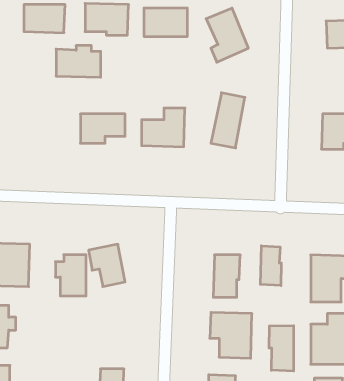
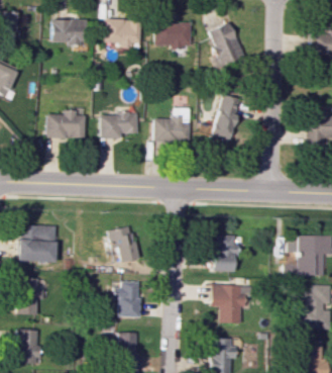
building: [56,46,101,77] -> [47,110,86,137]
building: [260,246,281,286] -> none
building: [55,255,86,296] -> [114,281,140,316]
building: [269,326,294,371] -> none

